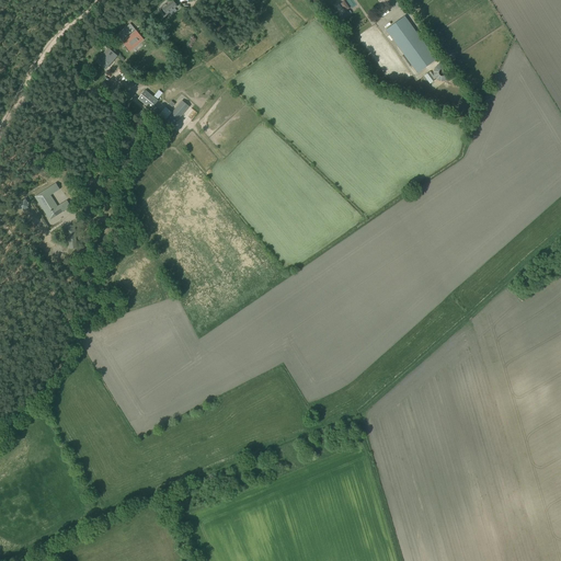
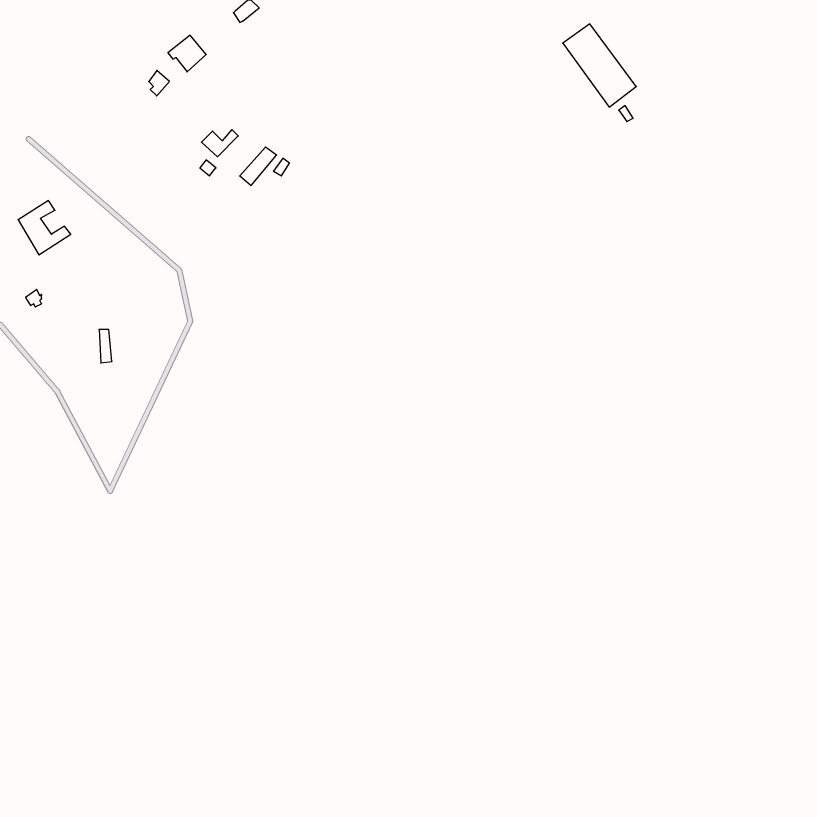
building: [35,183,71,220] -> [18,201,71,255]

